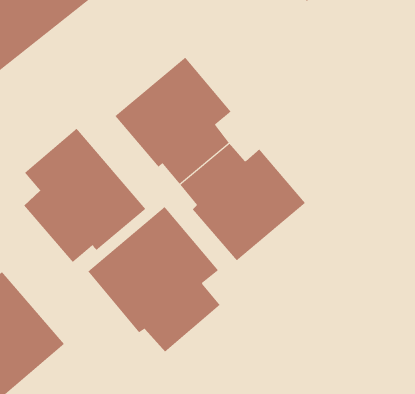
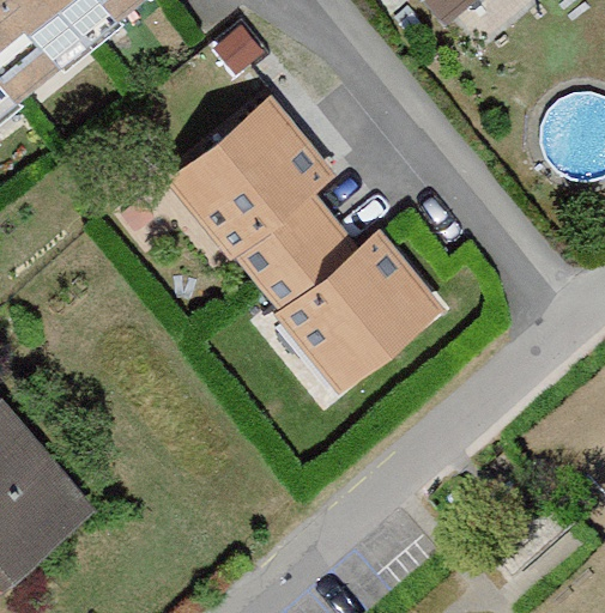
building: [24,128,146,263] -> none
building: [88,206,221,353] -> none

